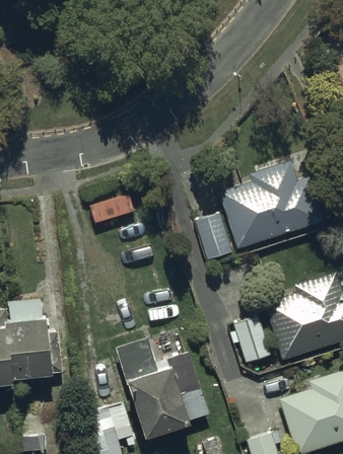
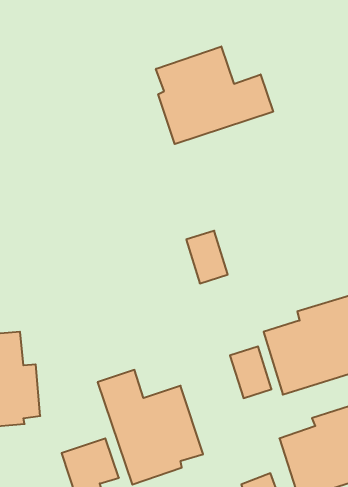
building: none -> [156,46,273,144]
building: [219,160,325,249] -> none

